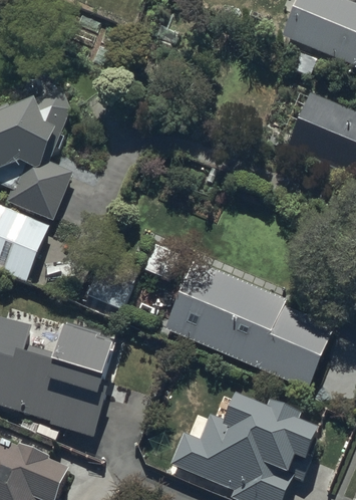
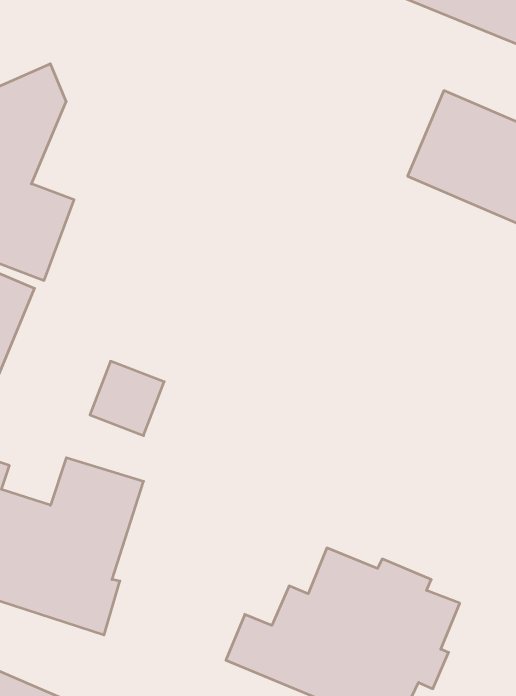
building: [165,254,329,380] -> none

